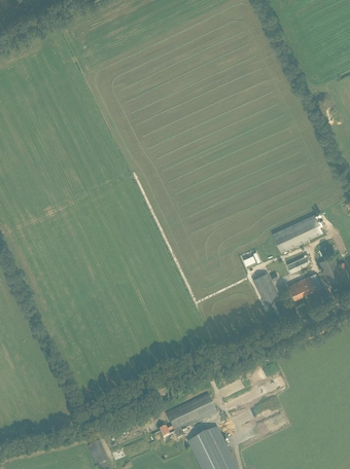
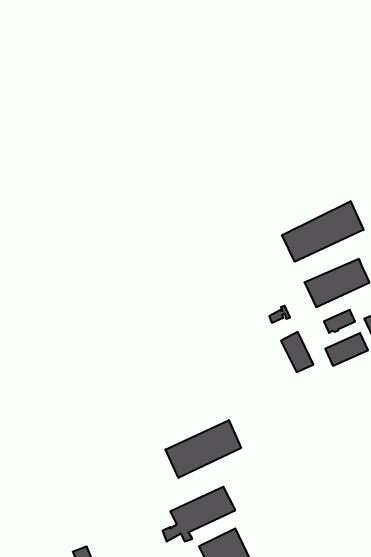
building: none -> [282,201,364,262]
building: none -> [165,420,241,478]

